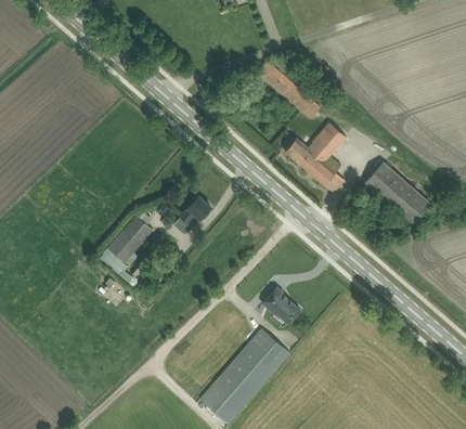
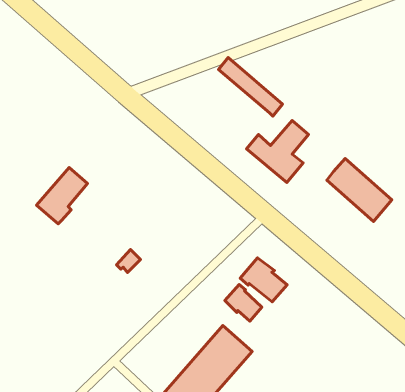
building: [174,196,211,233] -> none
building: [103,214,154,271] -> [37,167,88,224]
building: none -> [240,258,287,302]

